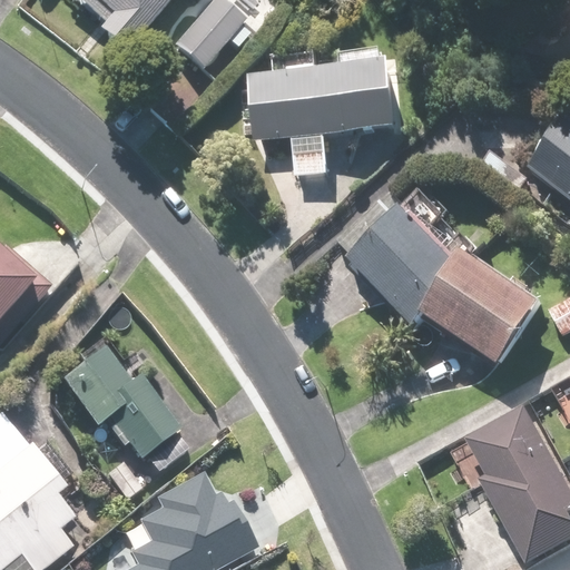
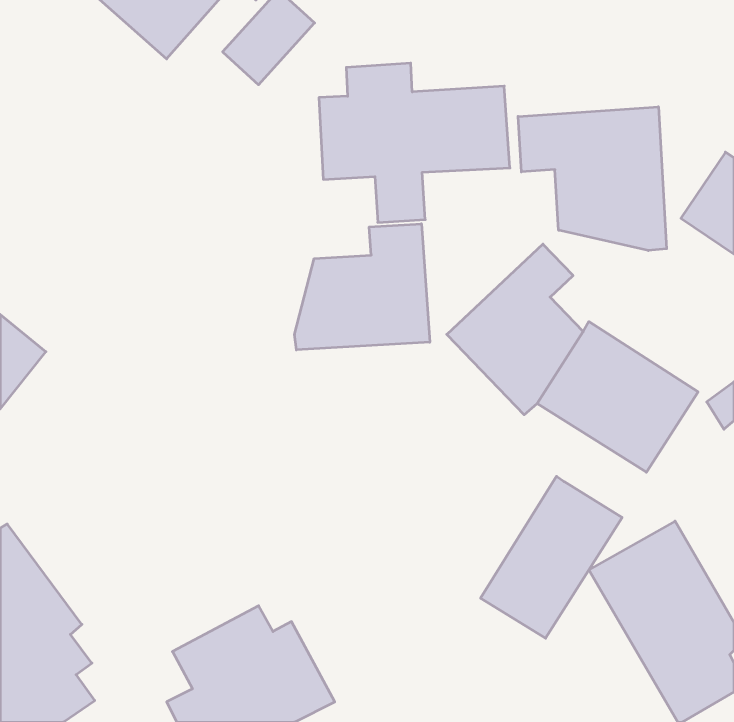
building: none -> [518,107,667,251]
building: none -> [295,224,430,350]
building: [60,350,179,459] -> none
building: none -> [481,476,622,638]

